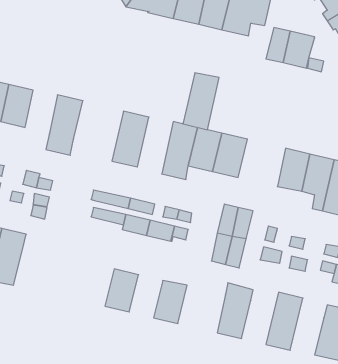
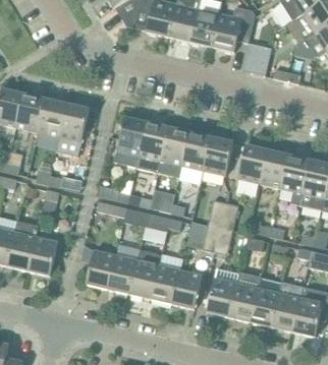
building: [183,73,219,130] -> [136,122,168,172]
building: none -> [38,99,66,136]
building: none -> [237,144,267,183]
building: none -> [28,237,58,275]
building: none -> [129,248,161,298]
building: none -> [86,250,116,288]
building: none -> [172,269,202,308]
building: none -> [228,271,261,321]
building: none -> [271,281,303,330]

